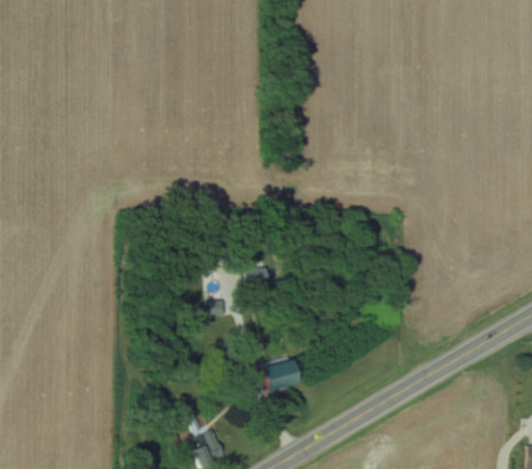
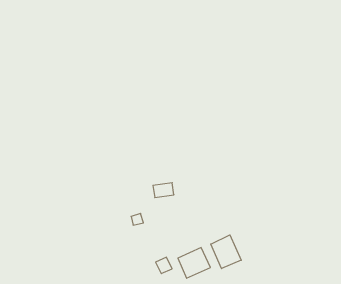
building: none -> [211,235,241,269]

